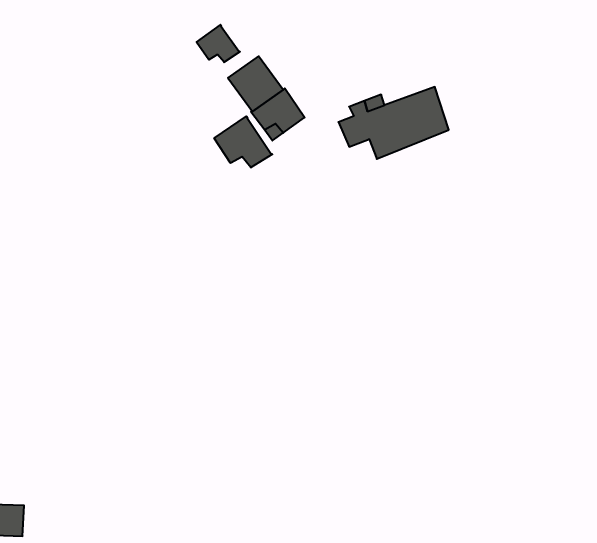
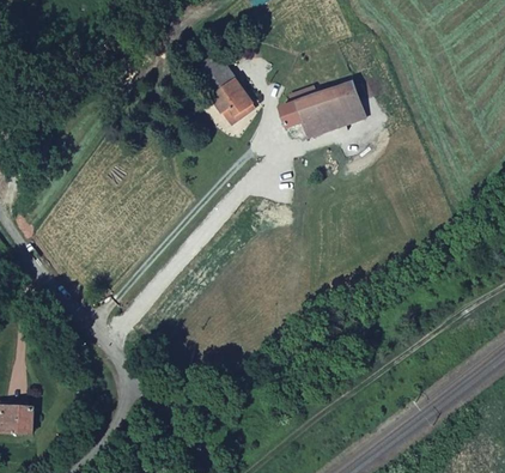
building: [197,25,240,62] -> none
building: [214,116,272,168] -> none

